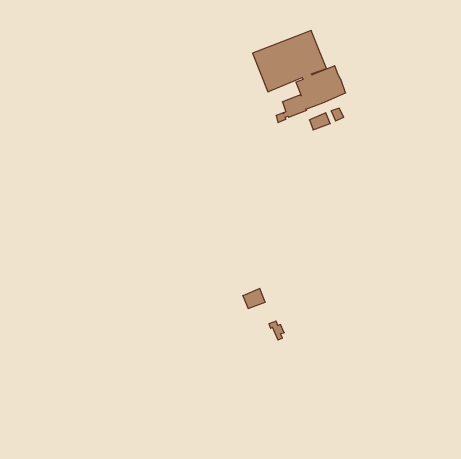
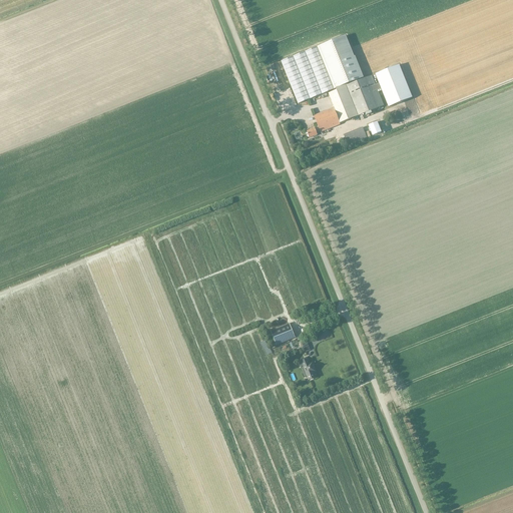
building: none -> [375,63,412,105]

